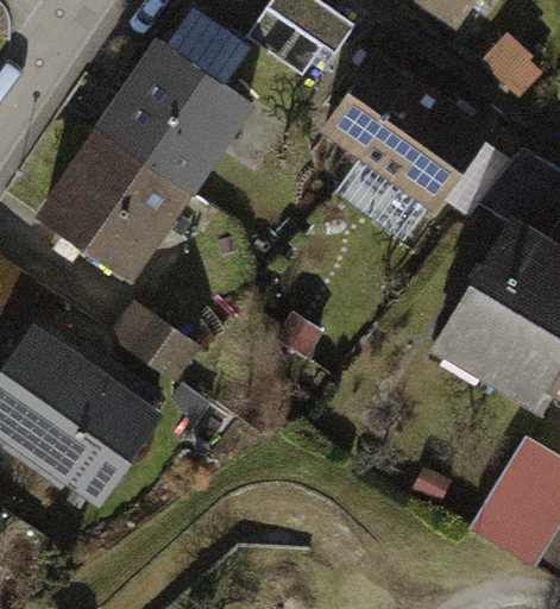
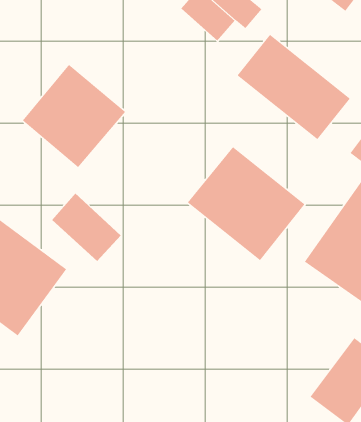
building: [111,48,245,182] -> none
building: none -> [187,146,306,261]

